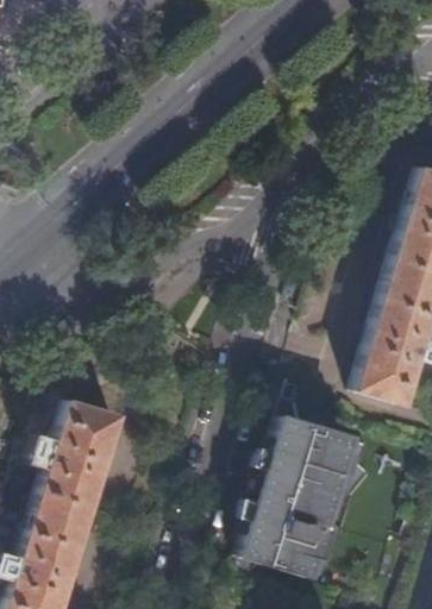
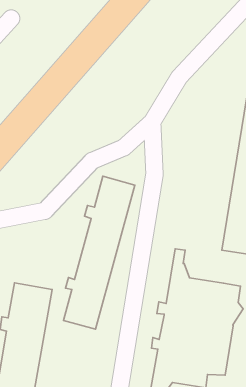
building: none -> [64,176,135,329]

